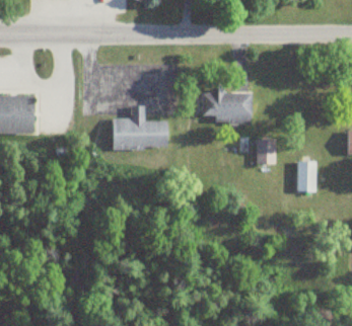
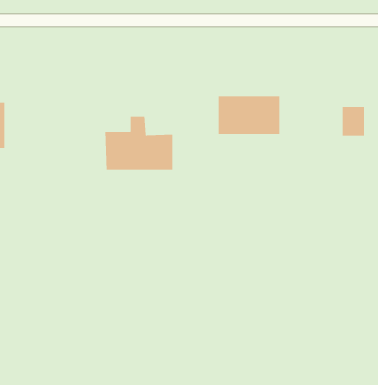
building: [258,140,276,164] -> [342,106,365,137]
building: [298,161,318,192] -> none

